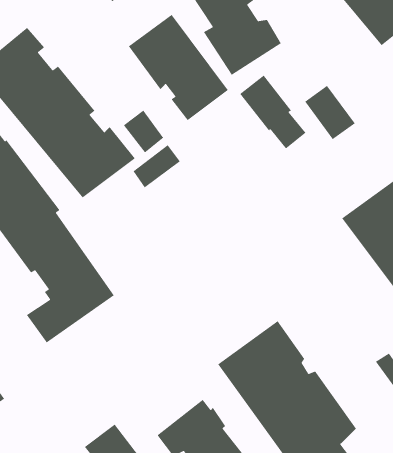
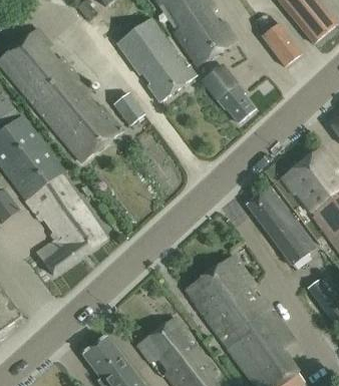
building: [304,85,356,140] -> [262,22,302,65]
building: [133,144,181,188] -> none
building: none -> [246,185,315,264]

